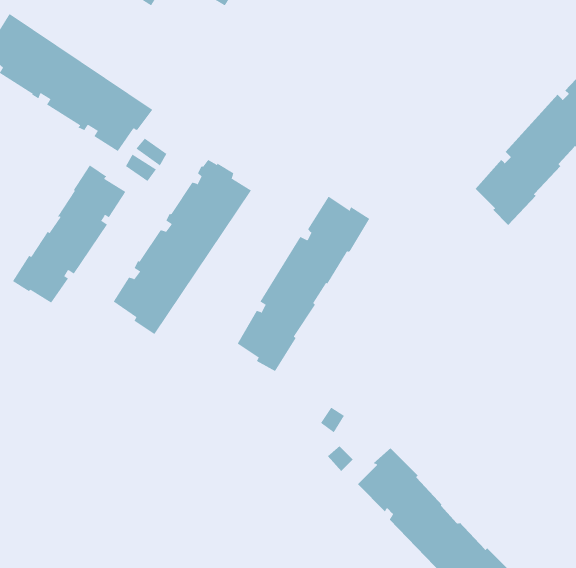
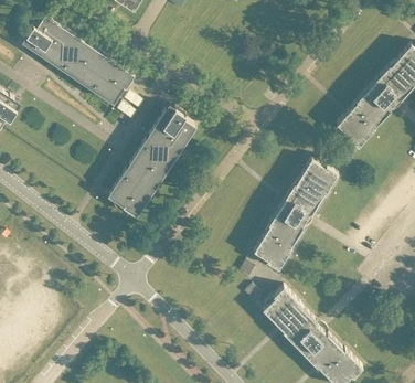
building: [12,165,126,304] -> none
building: [237,196,370,372] -> [253,160,337,270]

